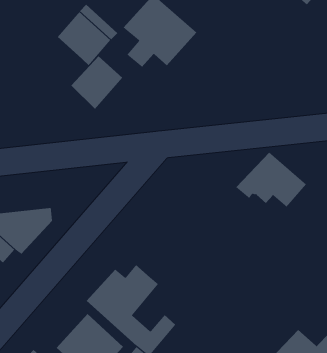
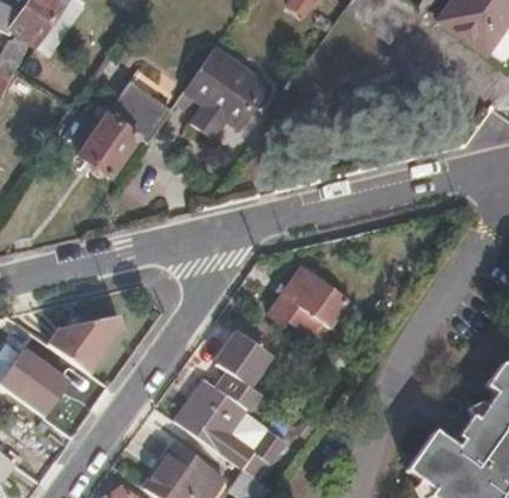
building: [71,56,123,110] -> [75,115,136,179]
building: [236,152,307,208] -> [268,266,351,330]
building: none -> [217,330,271,385]

